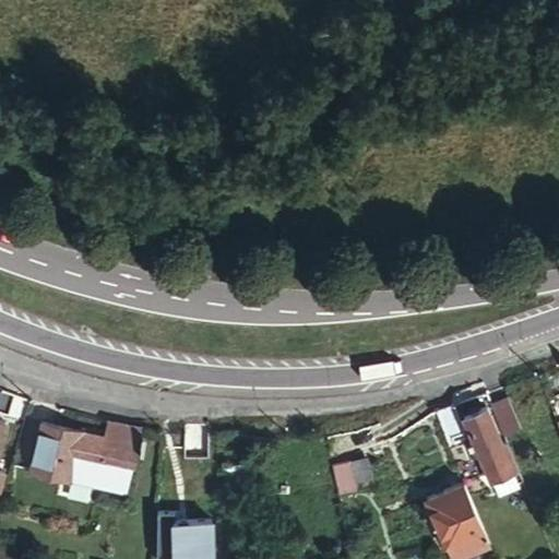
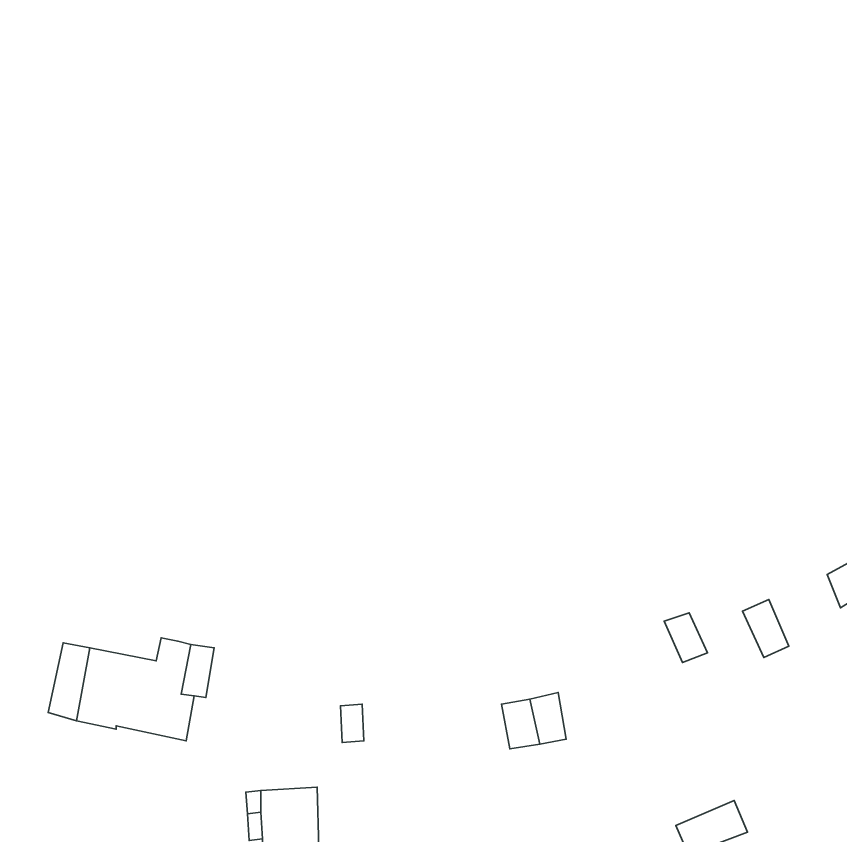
building: [463,409,512,484] -> none
building: [426,484,484,547] -> none

